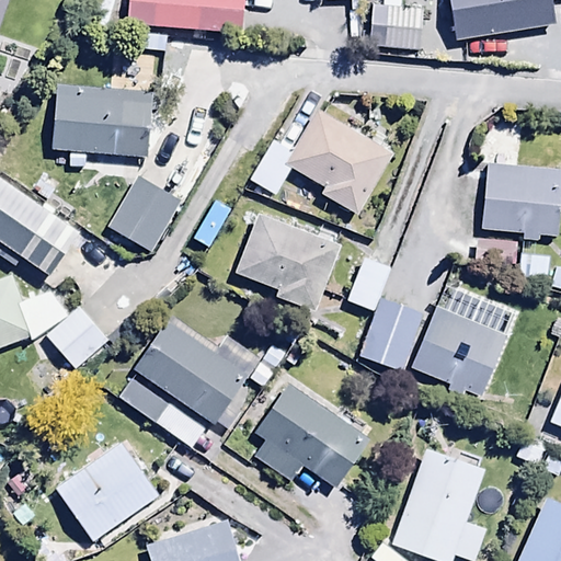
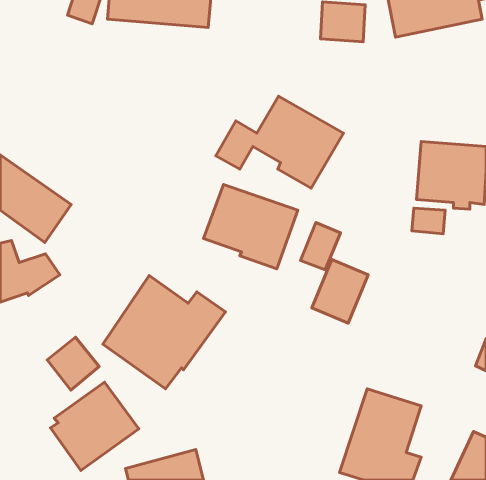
building: [49,83,153,158] -> none
building: [106,176,181,252] -> none
building: [411,291,515,397] -> none
building: [46,310,106,371] -> [47,337,99,390]
building: [254,385,368,486] -> none

